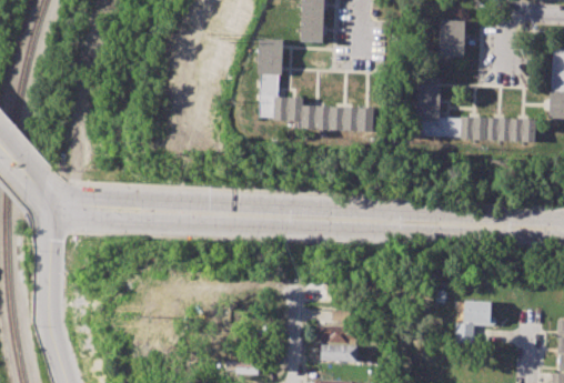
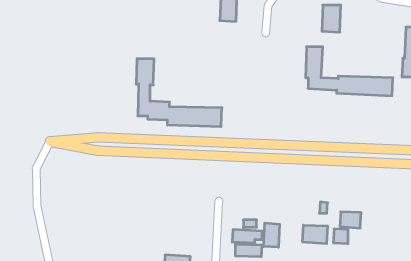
building: [259,39,375,131] -> [136,59,222,127]
building: none -> [263,223,280,247]
building: none -> [303,225,328,244]

